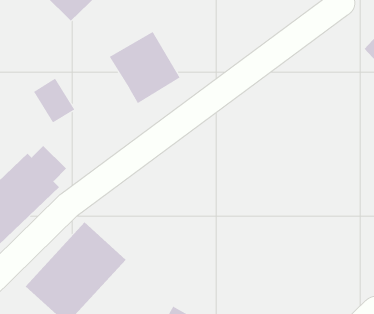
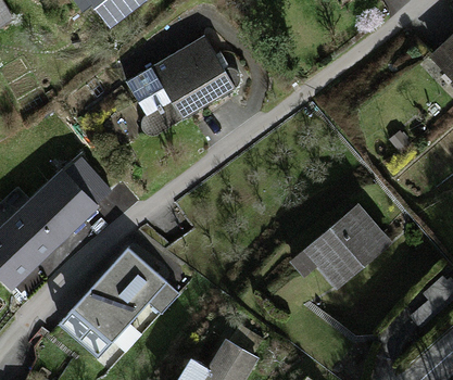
building: [33,78,75,123] -> [128,64,175,114]
building: none -> [293,206,385,284]

